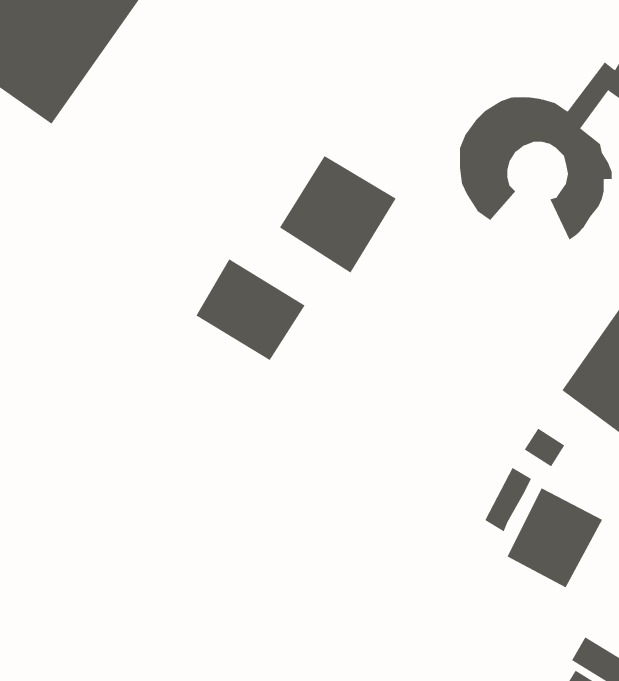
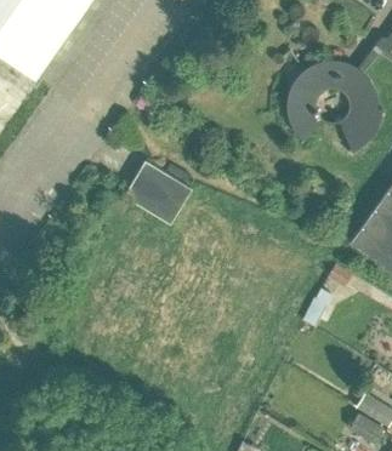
building: [279,155,397,273] -> none
building: [507,488,603,588] -> none

